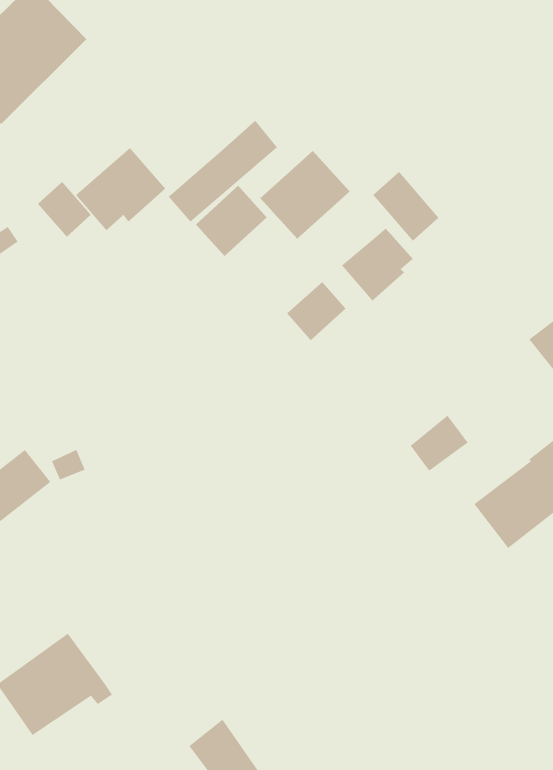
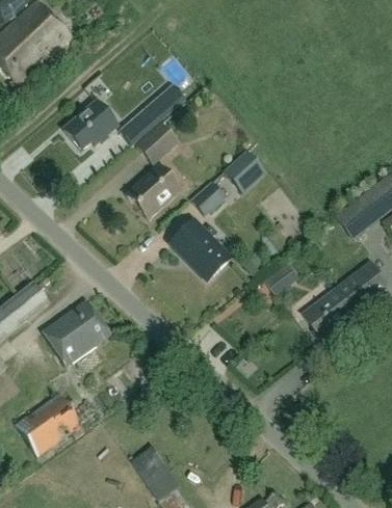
building: [259,150,350,240] -> [126,163,181,217]
building: [373,171,439,242] -> none
building: [37,181,92,237] -> none
building: none -> [171,219,230,279]
building: none -> [43,299,111,365]

